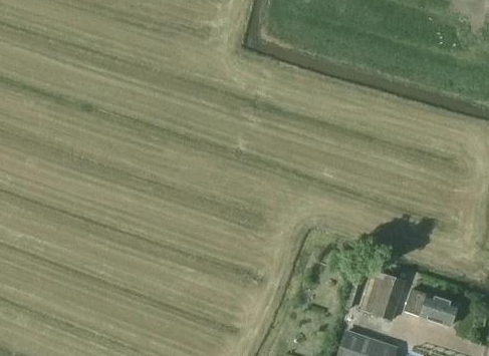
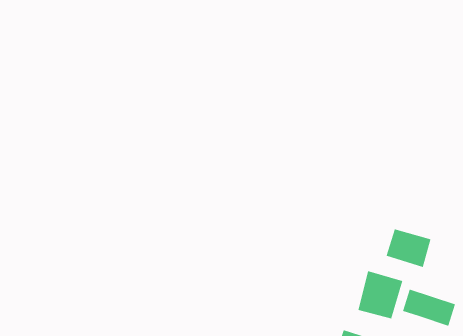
building: none -> [386,228,431,268]

